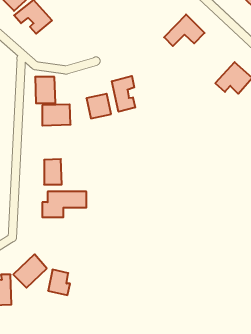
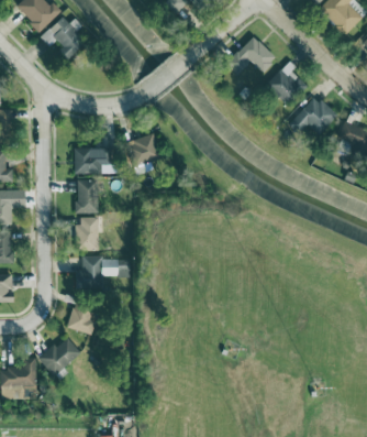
building: none -> [265,63,308,105]
building: [112,76,135,112] -> none
building: [35,77,55,103] -> [76,179,101,212]
building: [48,270,70,295] -> [68,302,96,334]

